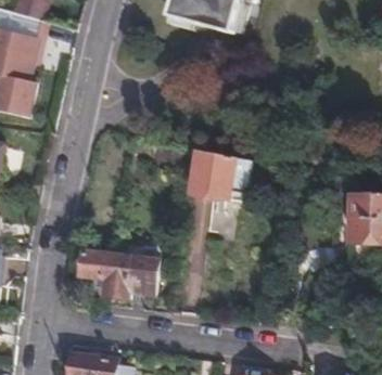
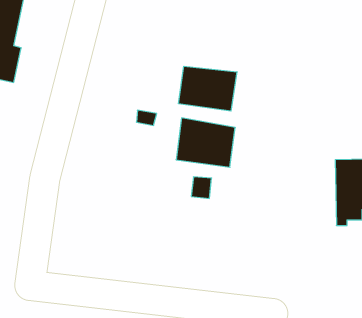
building: none -> [179,66,237,111]
building: [81,249,161,300] -> none

